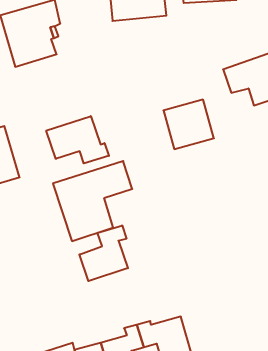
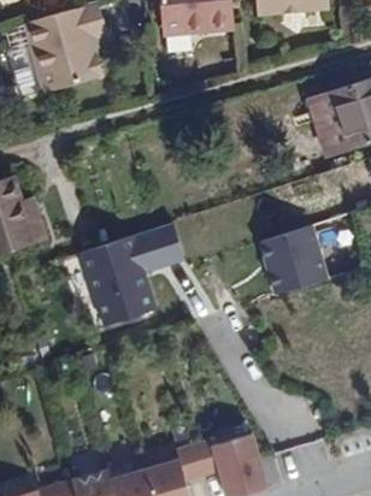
building: [163,100,214,149] -> [263,226,330,293]
building: [46,116,109,163] -> none
building: [79,225,128,281] -> none

